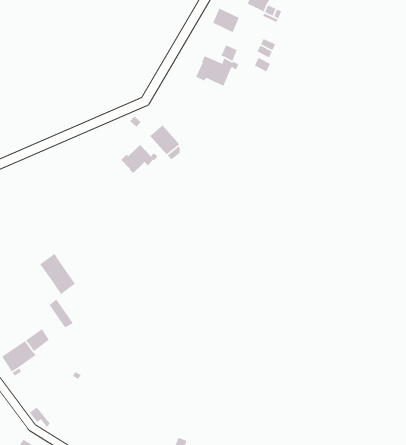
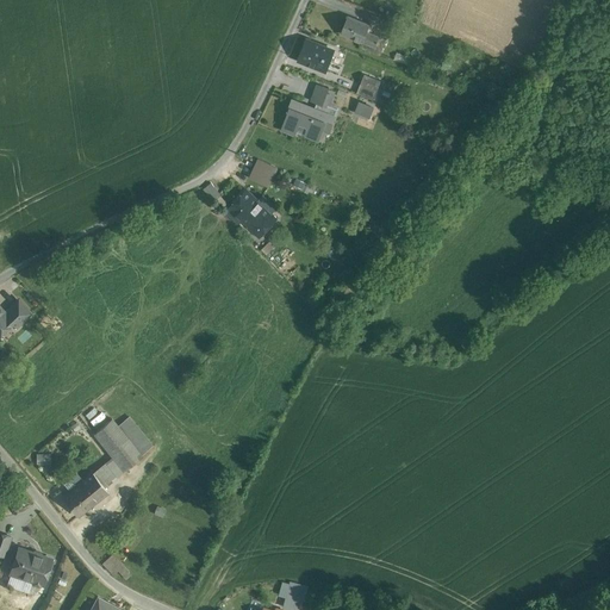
building: none -> [250,157,280,187]
building: [120,144,158,174] -> none
building: [39,253,76,295] -> [93,419,141,472]

